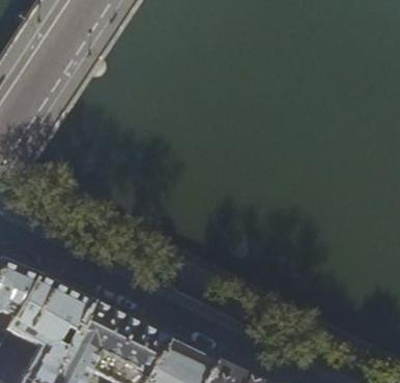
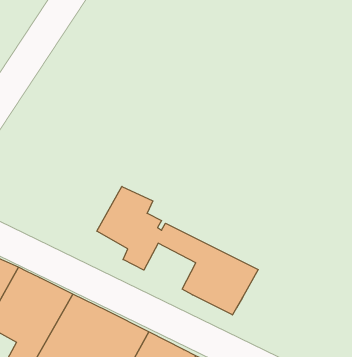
building: none -> [97,186,258,315]

